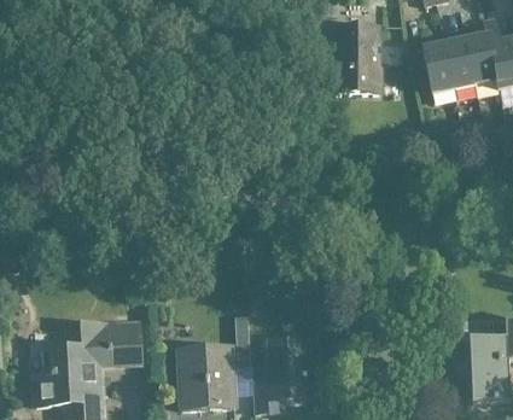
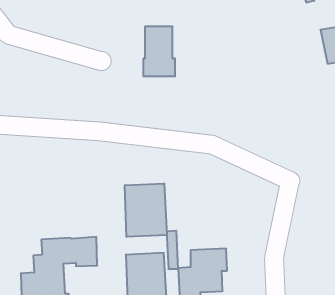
building: [336,27,379,94] -> [143,27,175,76]
building: [421,42,453,93] -> none
building: none -> [125,183,167,237]

